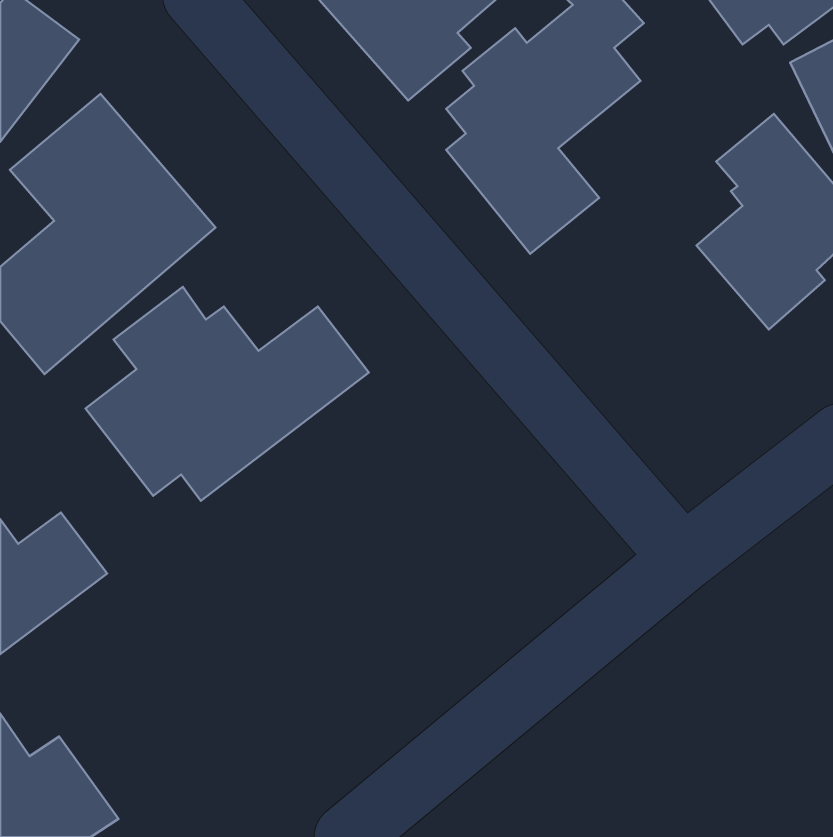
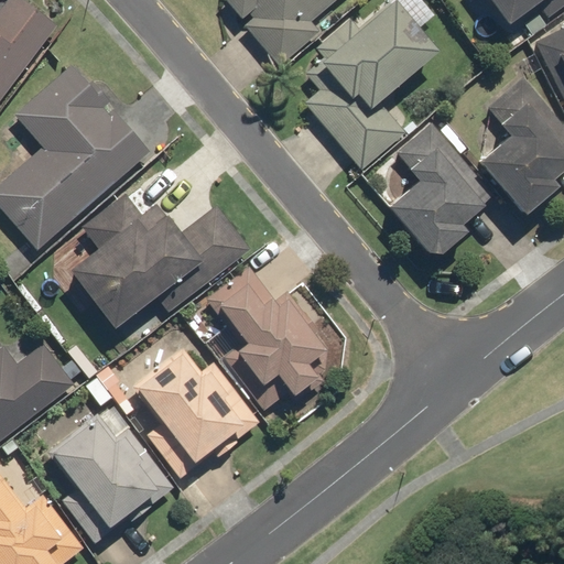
building: none -> [381,121,494,264]
building: none -> [204,265,329,412]
building: none -> [128,346,259,481]
building: none -> [43,403,174,545]

